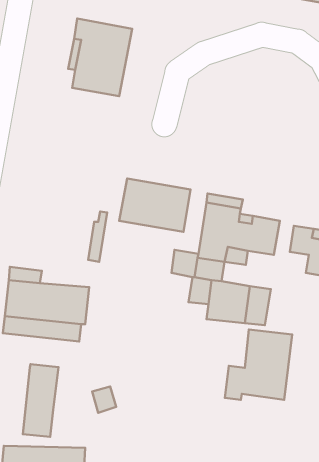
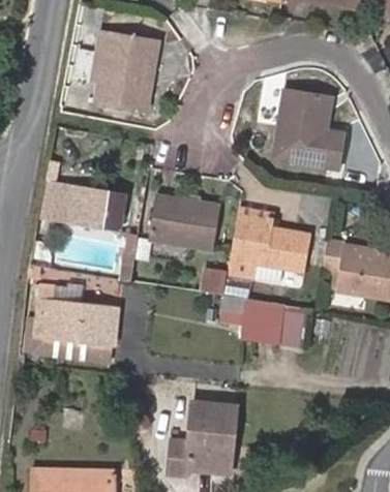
building: none -> [271,88,339,165]
building: none -> [40,174,127,222]
building: [225,330,292,400] -> [164,400,234,472]
building: [23,364,59,437] -> none

